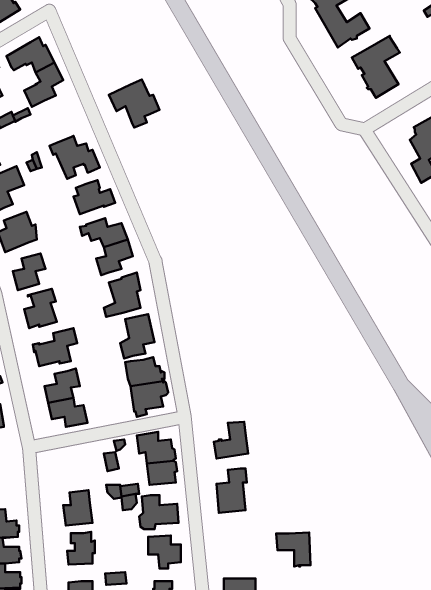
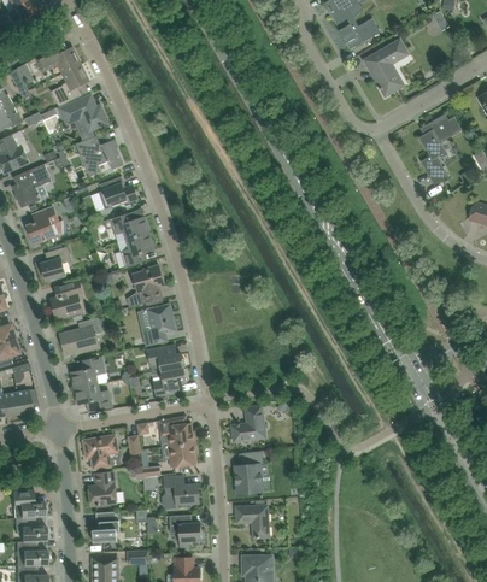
building: [109,79,160,128] -> [59,94,107,140]
building: none -> [83,435,117,469]
building: [276,532,310,567] -> [235,505,268,537]

